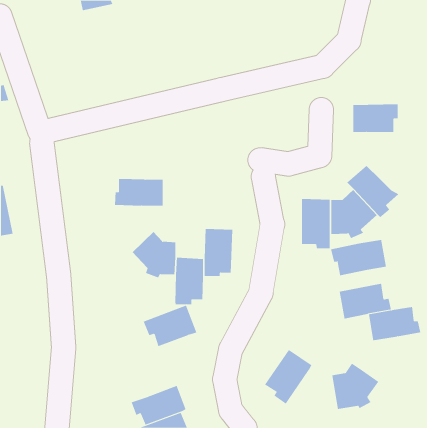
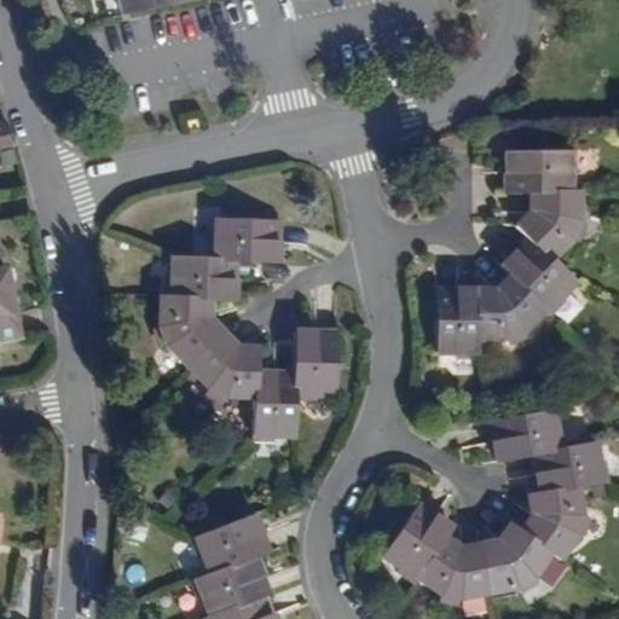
building: none -> [516,191,586,259]
building: none -> [212,218,279,260]
building: none -> [158,296,224,364]
building: [331,239,386,276] -> none
building: [143,305,197,347] -> [191,513,270,573]
building: none -> [520,486,585,559]
building: none -> [420,534,488,602]

